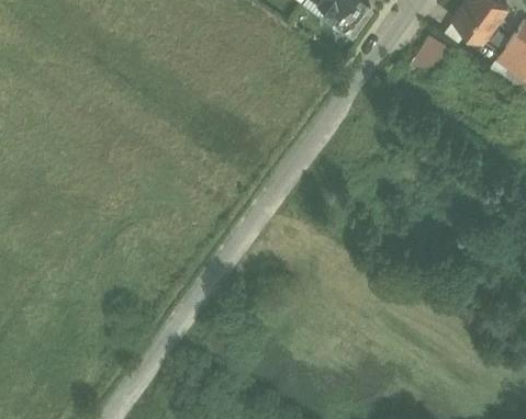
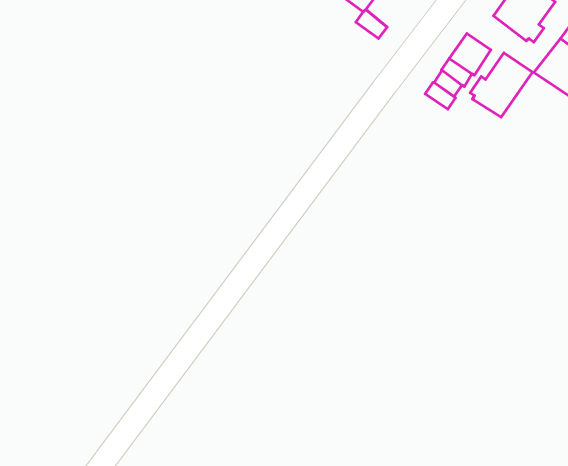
building: none -> [470,53,533,117]

